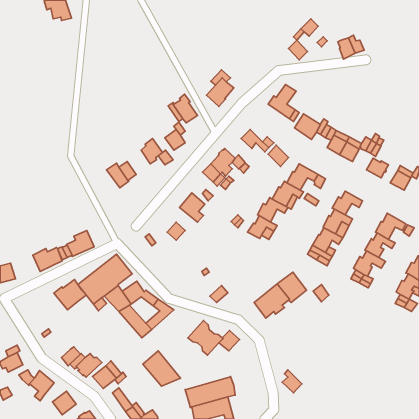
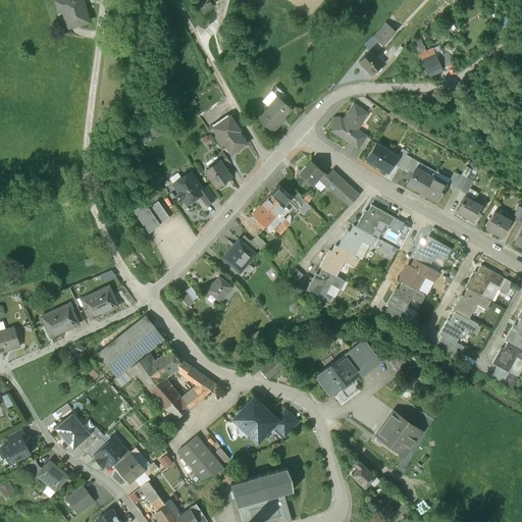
building: [54,280,86,310] -> none
building: none -> [377,412,421,455]
building: none -> [56,416,88,448]

